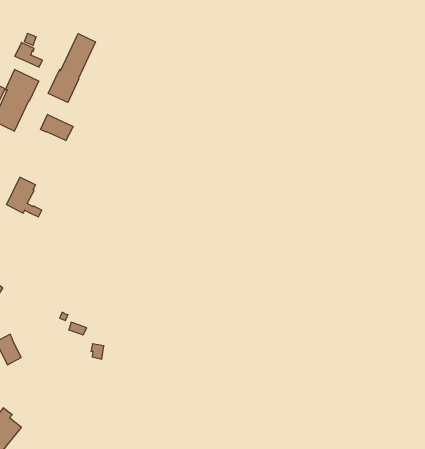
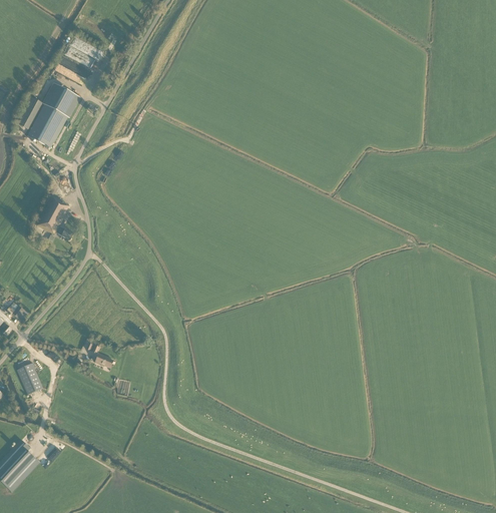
building: [48,34,95,102] -> none
building: [41,114,73,141] -> none

